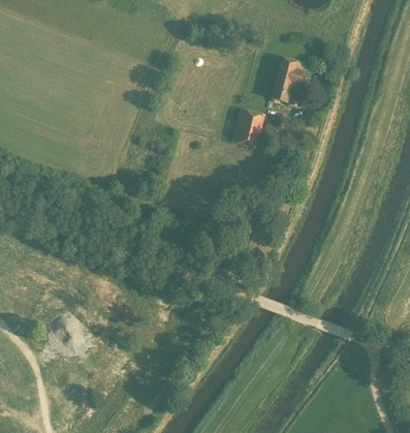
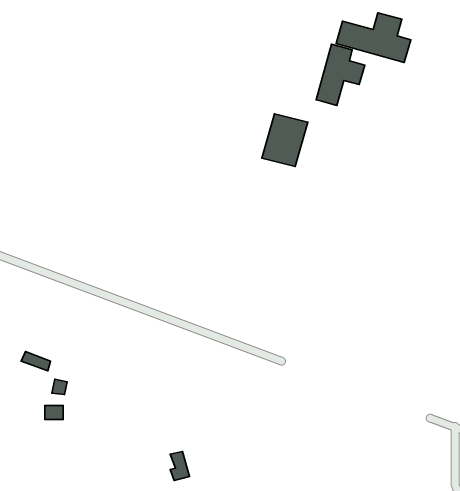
building: none -> [336,13,411,62]

